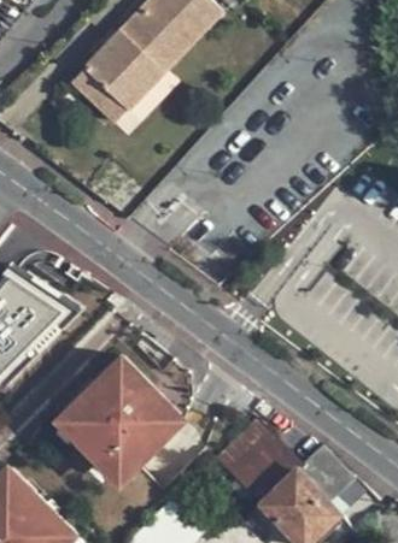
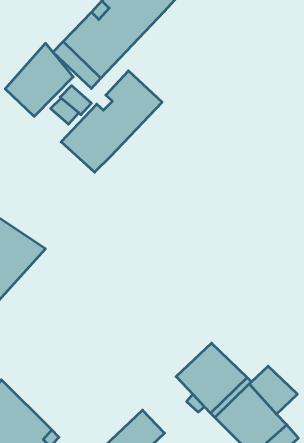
building: none -> [5,43,73,116]
building: none -> [61,71,162,172]
building: [55,354,178,477] -> none

